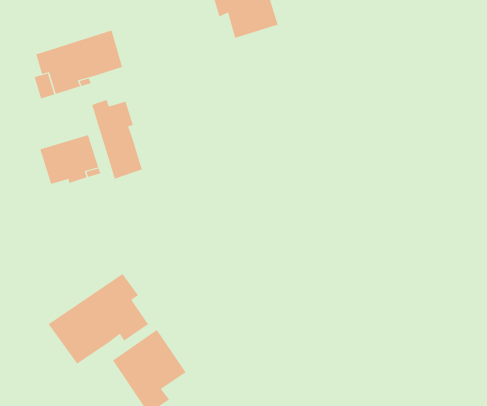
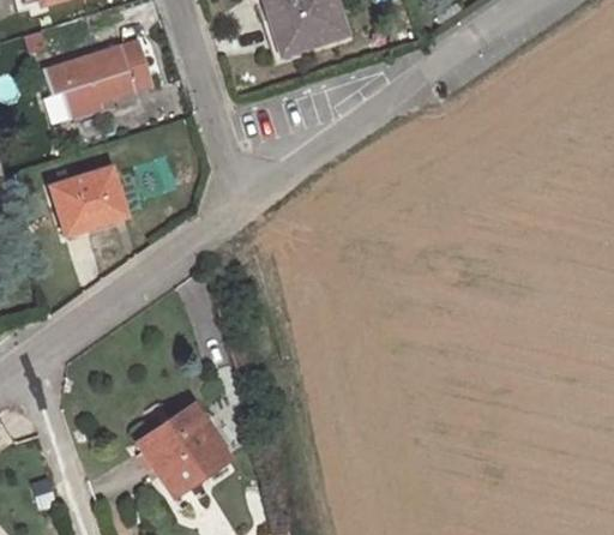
building: [92,99,142,179] -> none
building: [48,273,149,365] -> none

